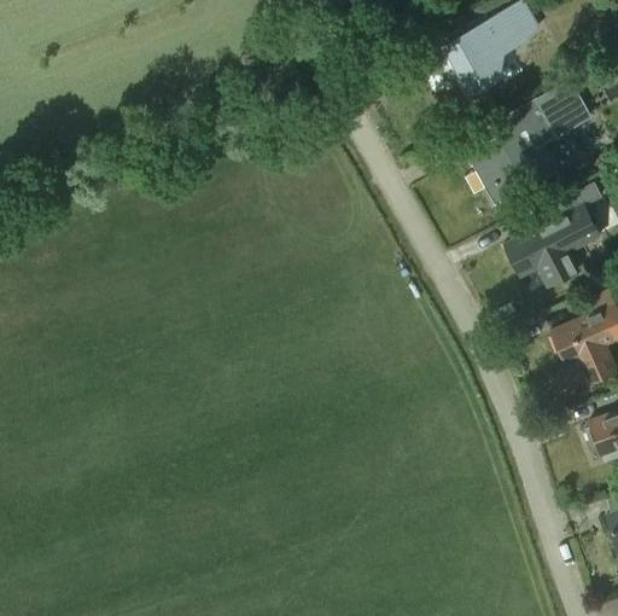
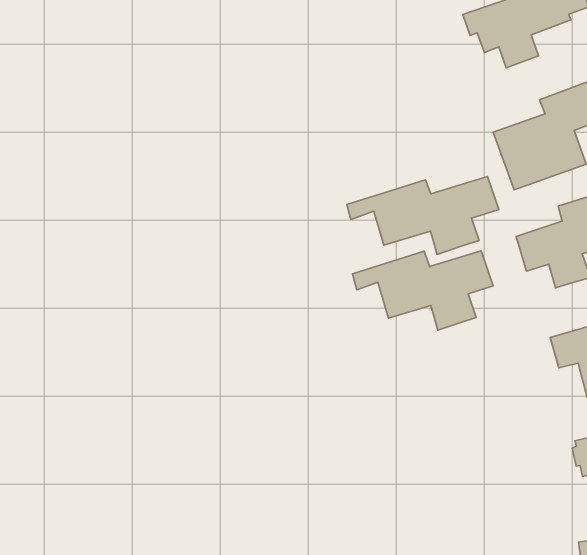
building: none -> [347,177,499,254]
building: none -> [353,251,493,330]

